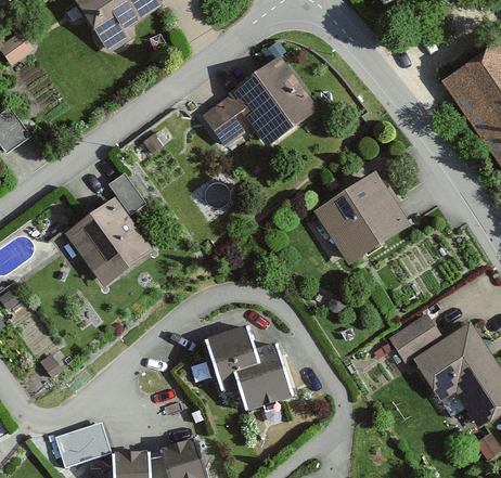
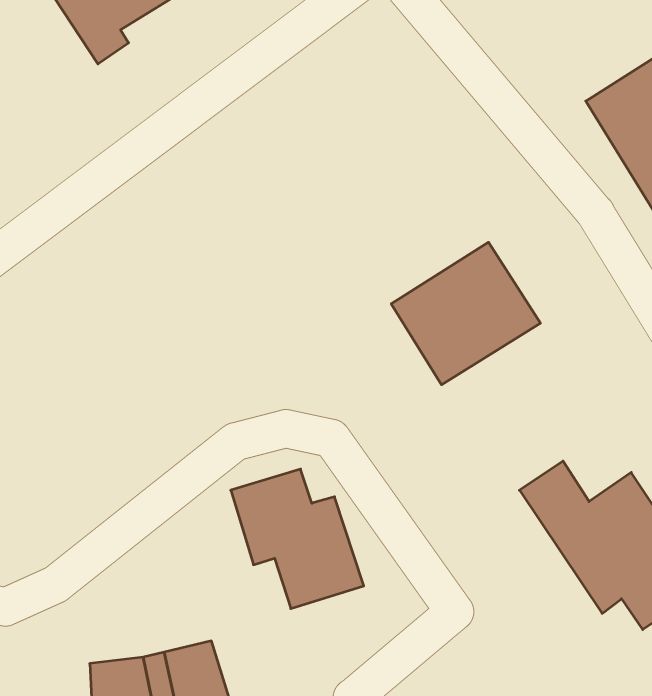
building: [202,54,323,151] -> none
building: [66,172,152,283] -> none
building: [59,416,116,462] -> none

